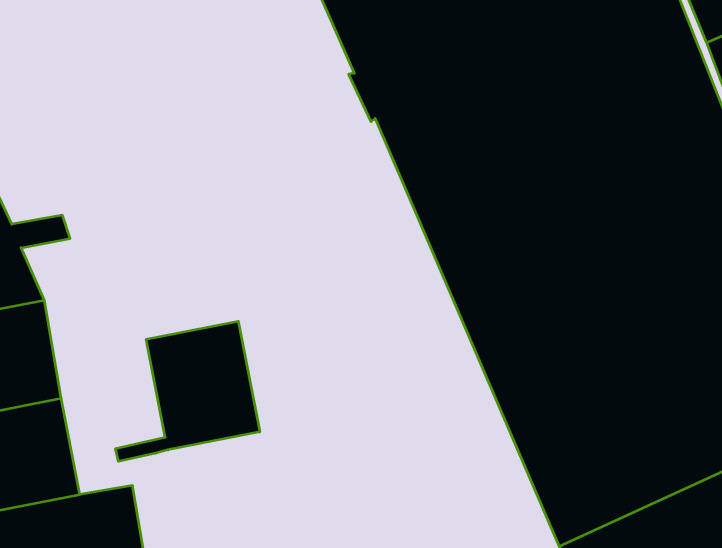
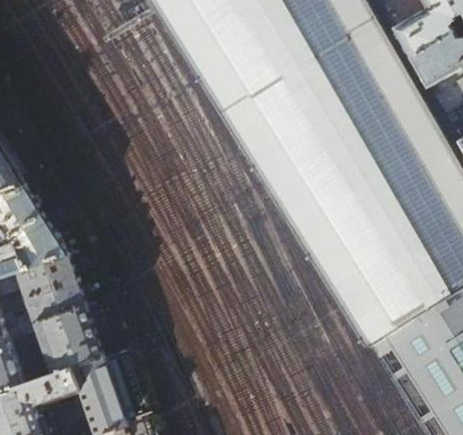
building: [116,321,260,461] -> none

